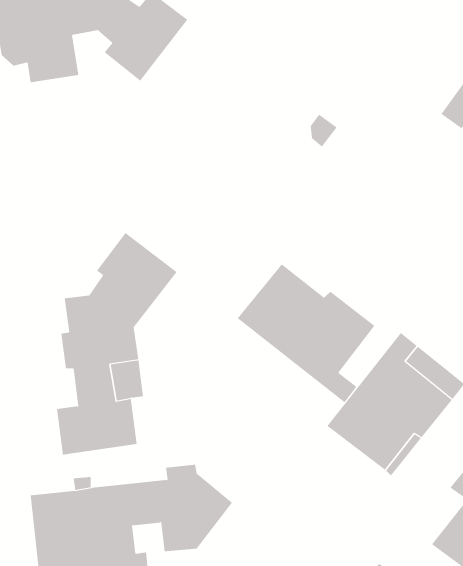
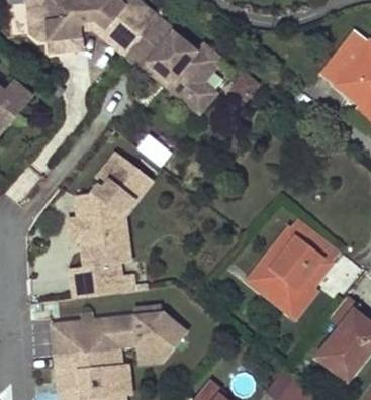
building: none -> [125,13,224,110]
building: [237,264,375,403] -> none

